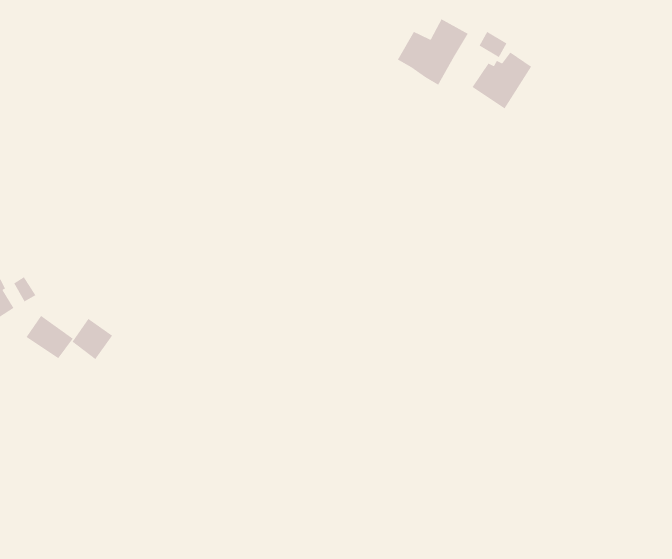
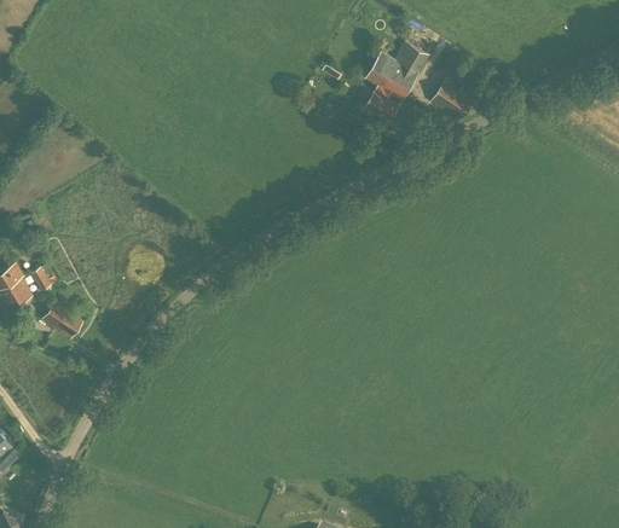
building: none -> [364,83,398,120]
building: [72,318,113,360] -> none

